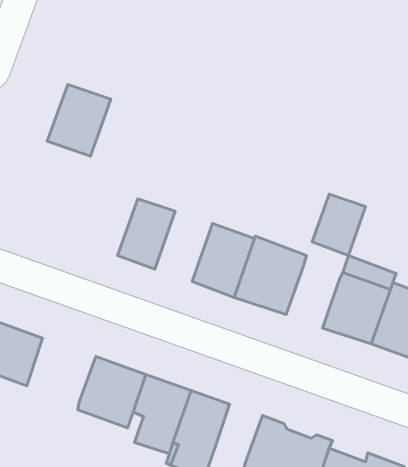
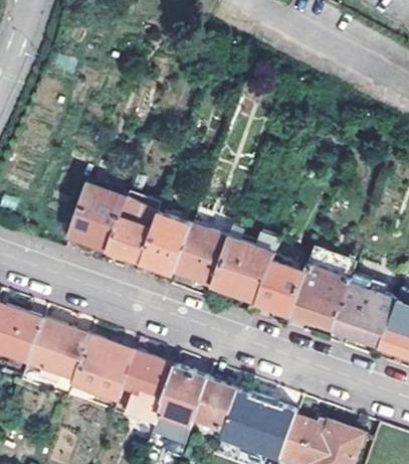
building: [47,85,111,156] -> [70,186,127,250]
building: [312,194,365,255] -> [258,260,305,314]
building: none -> [142,210,193,273]
building: none -> [28,323,89,384]
building: none -> [195,381,237,431]

